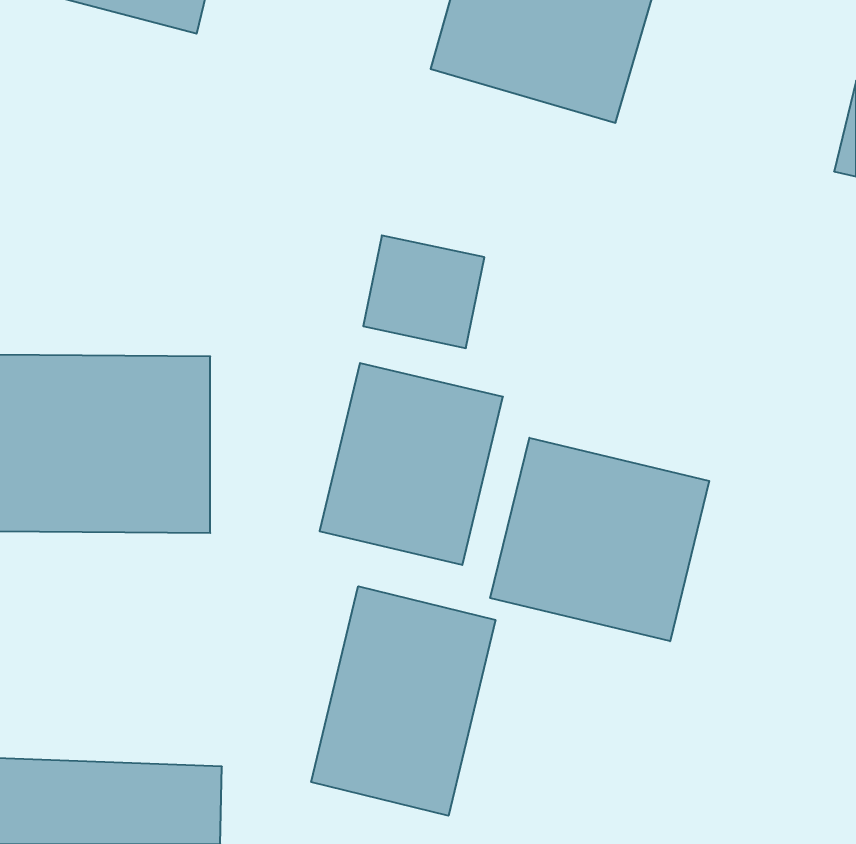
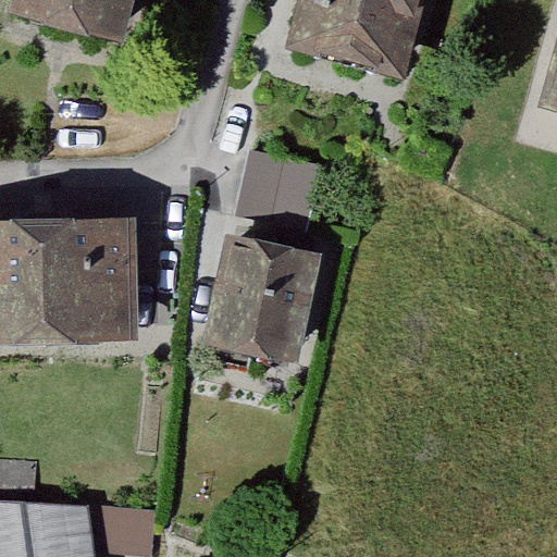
building: [490,438,709,641] -> none
building: [311,586,495,816] -> none

